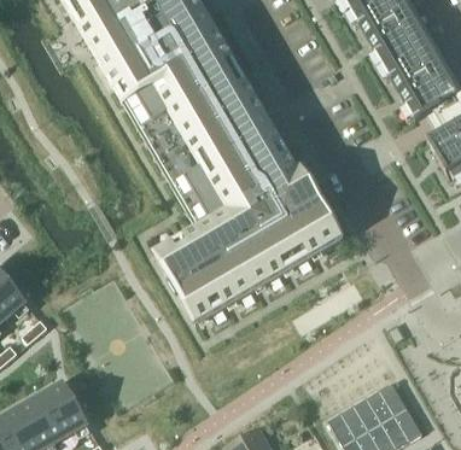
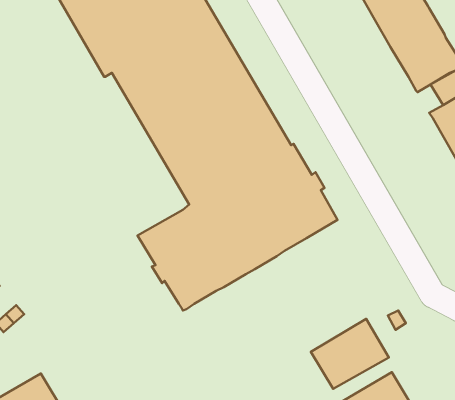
building: none -> [311,319,389,389]

